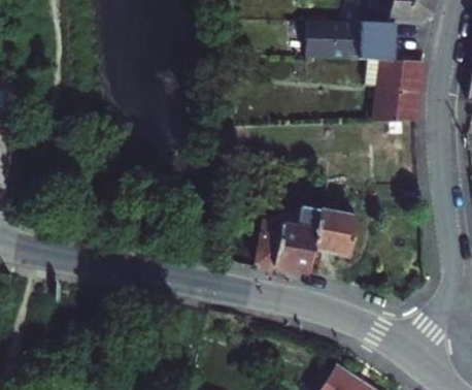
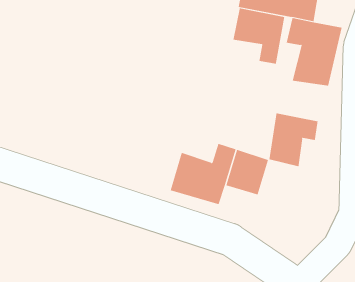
building: none -> [233,8,285,64]
building: none -> [269,113,318,167]

